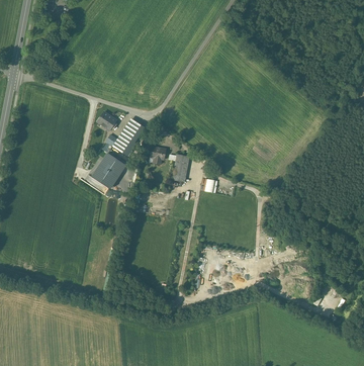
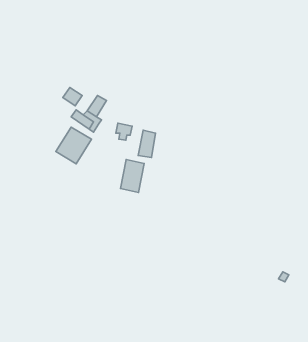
building: none -> [120,160,144,192]

